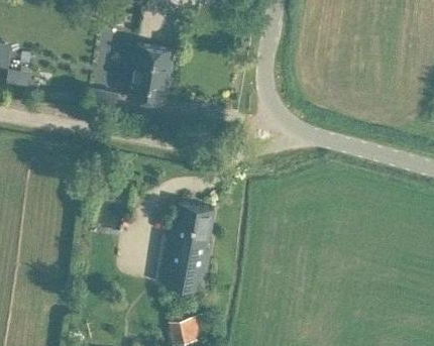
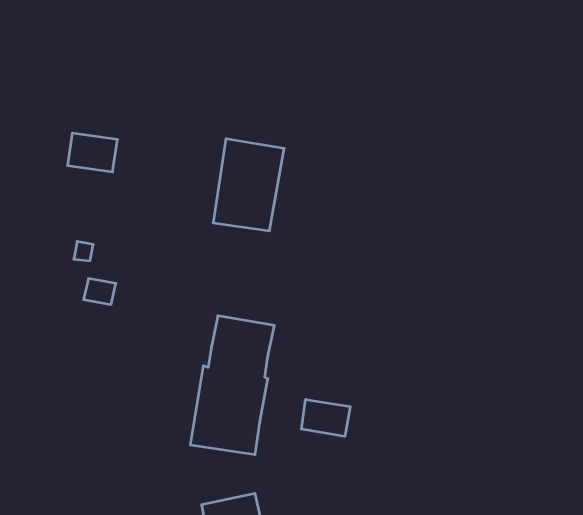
building: [129,45,174,103] -> [213,139,284,231]
building: none -> [301,399,350,436]

